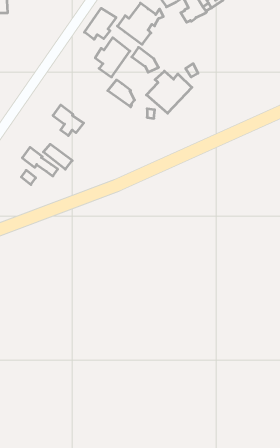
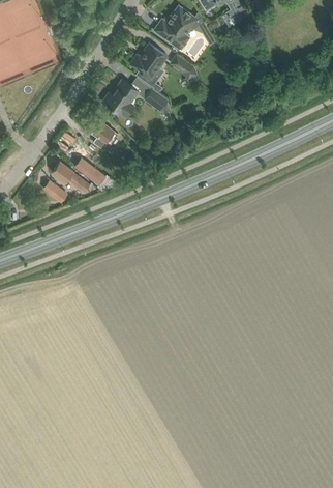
building: [84,8,116,39] -> none
building: [146,71,192,113] -> none
building: none -> [104,80,140,118]

